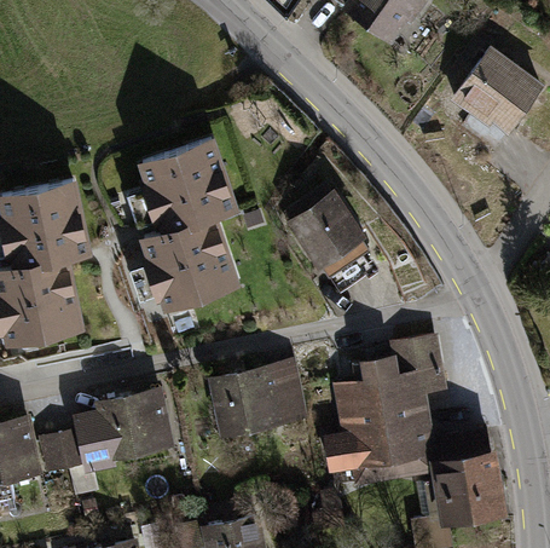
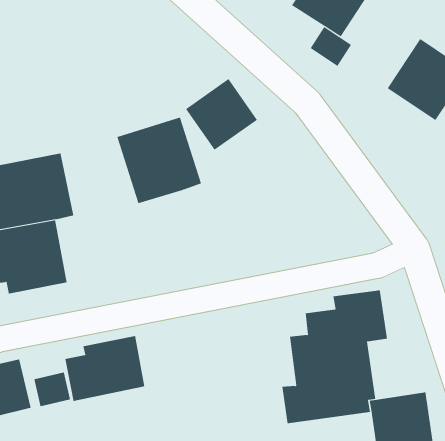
building: none -> [310,26,352,67]
building: [280,192,363,275] -> [185,78,258,151]
building: [147,221,238,310] -> none
building: [208,362,305,435] -> none

